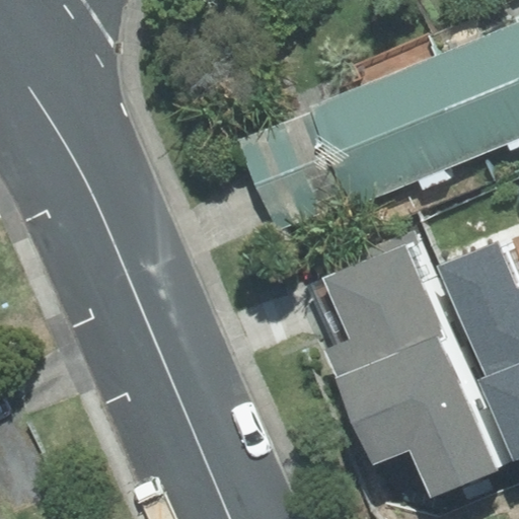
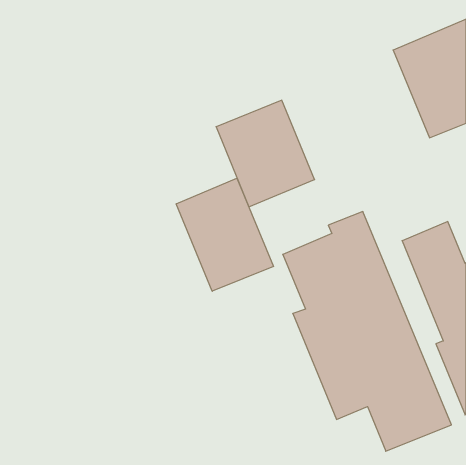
building: [311,42,477,205] -> none
building: none -> [176,178,273,291]

